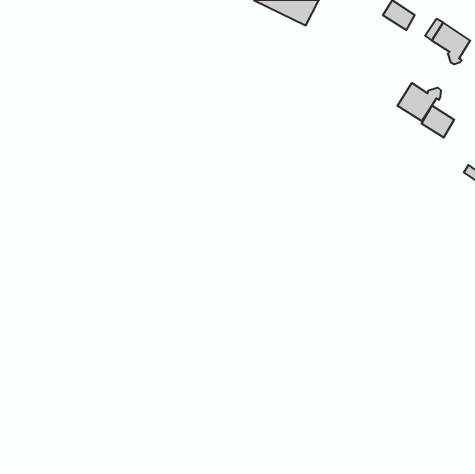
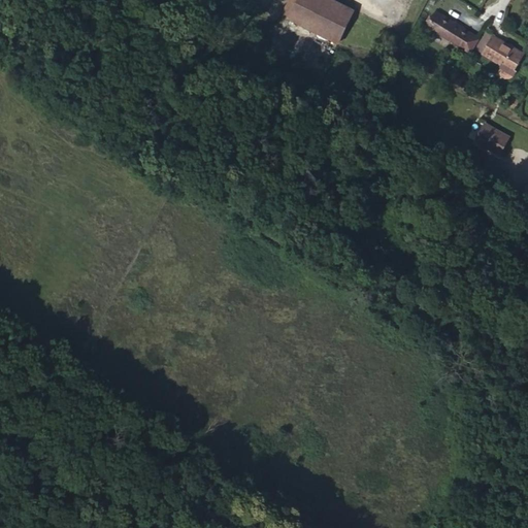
building: none -> [452,25,478,52]
building: [397,83,441,121] -> none

